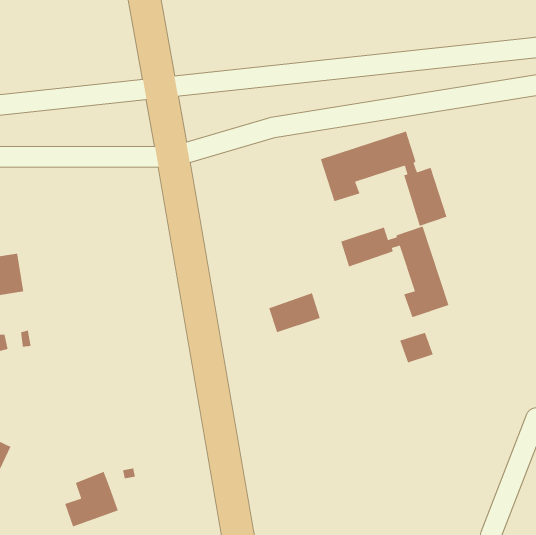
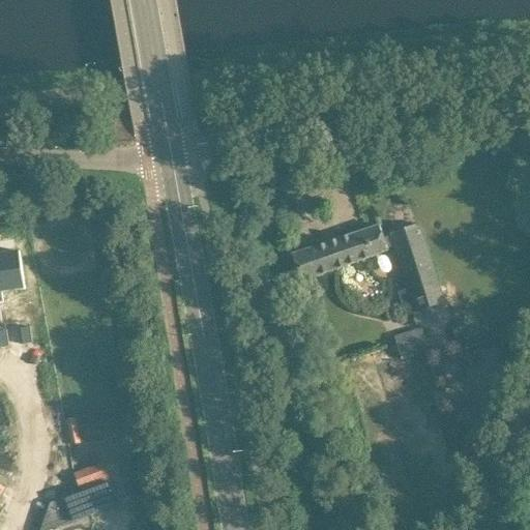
building: [320,130,448,227] -> none
building: [268,292,321,333] -> [291,237,343,277]

